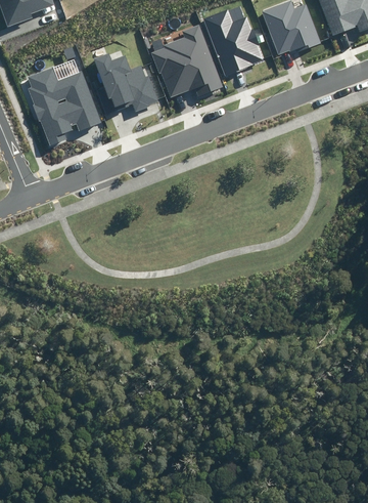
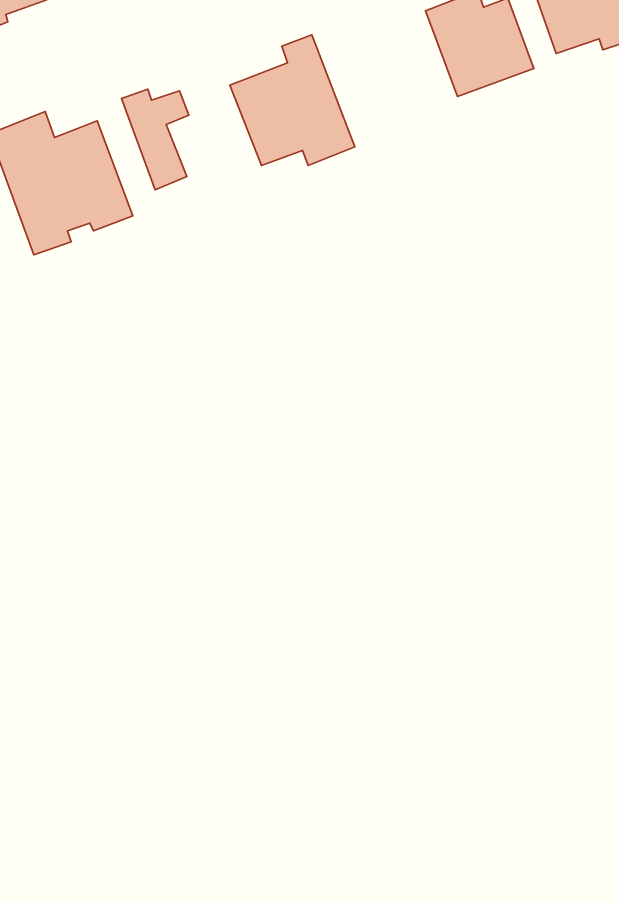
building: [203,10,264,75] -> none
building: [119,64,156,111] -> none

